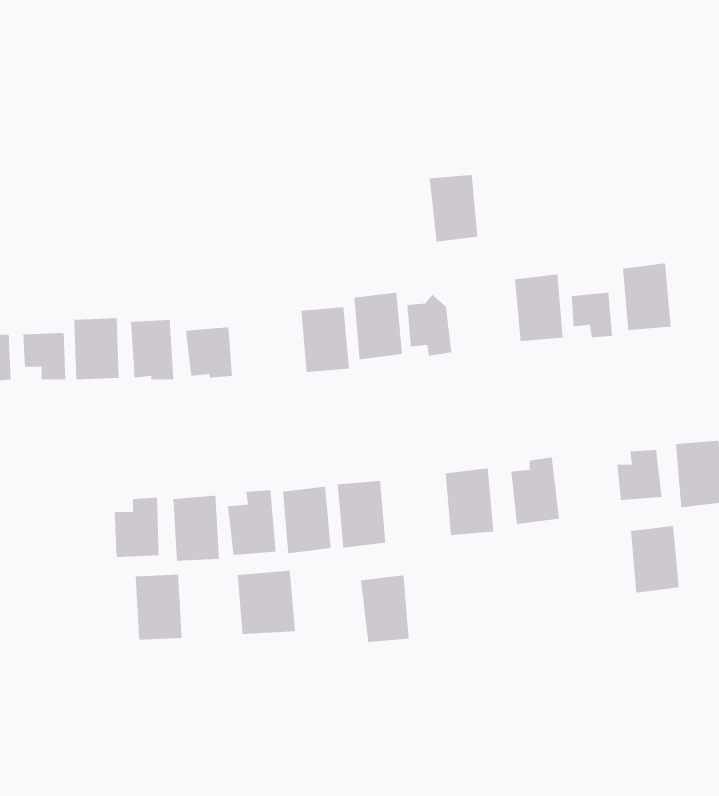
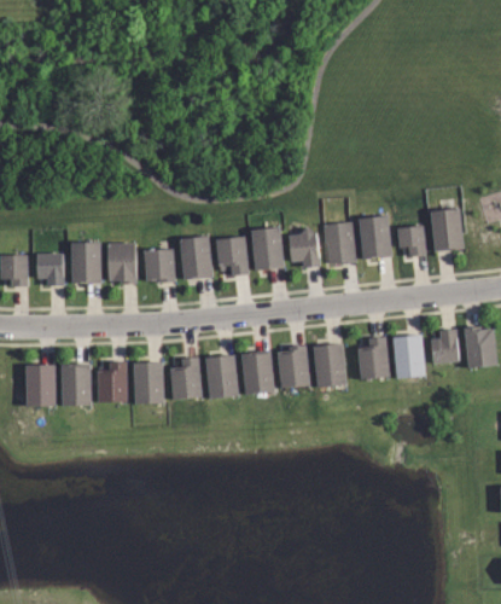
building: [429,175,478,242] -> [322,221,355,266]
building: none -> [180,234,212,279]
building: none -> [25,364,54,406]
building: [630,525,679,593] -> [392,333,425,378]
building: [237,570,296,635] -> none
building: [135,574,183,640] -> [60,362,92,406]
building: [360,575,410,642] -> [276,343,309,388]

